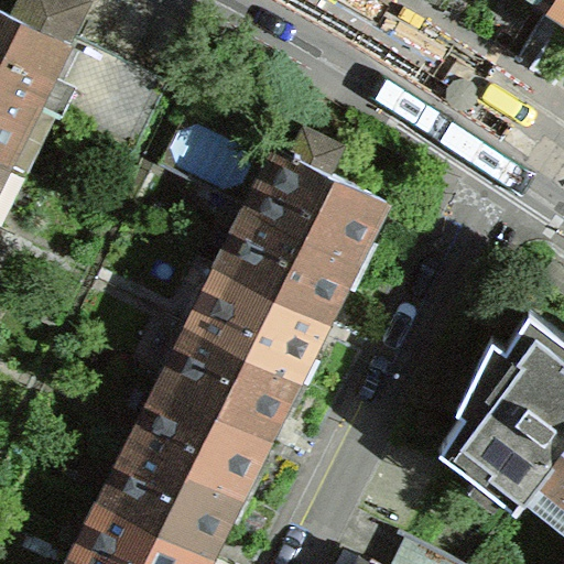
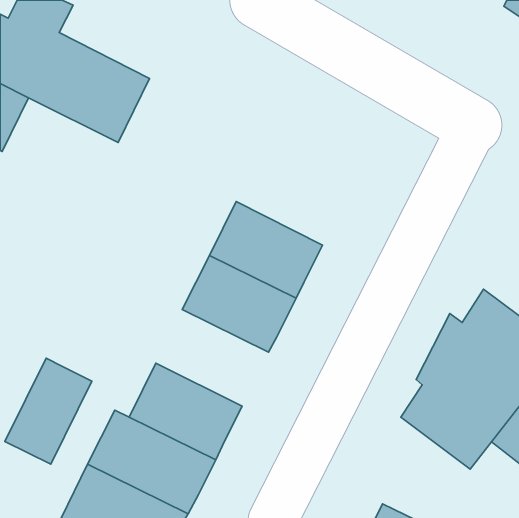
building: [257,134,381,268] -> none
building: [170,337,292,442] -> none
building: none -> [5,358,92,464]

